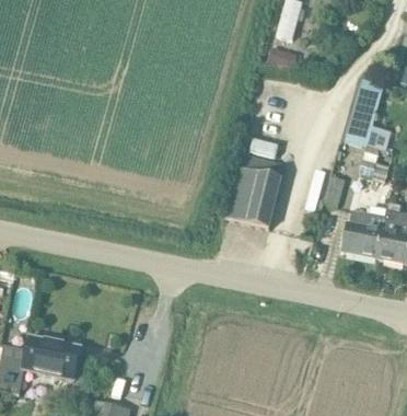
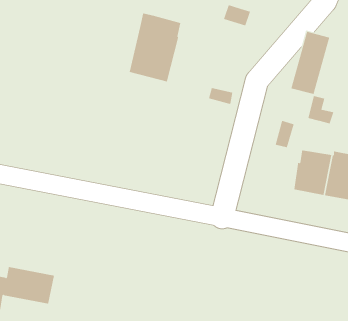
building: [225,151,283,228] -> [129,13,181,82]

